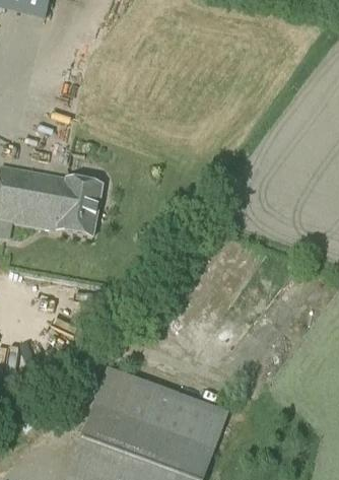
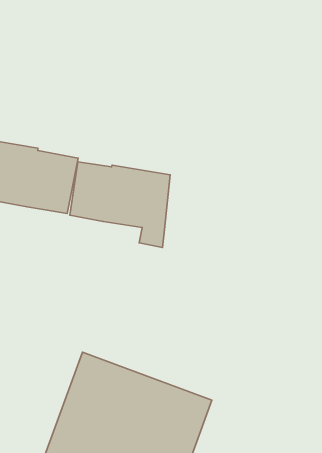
building: none -> [70,162,170,247]

